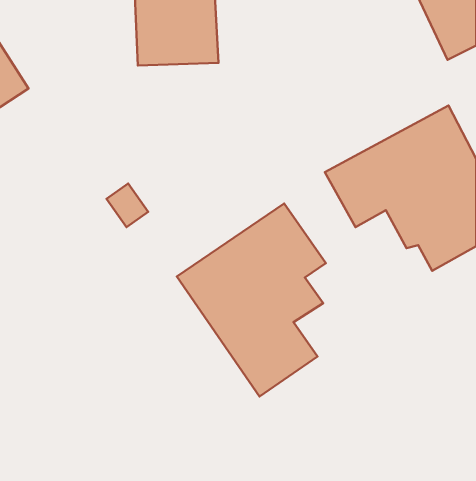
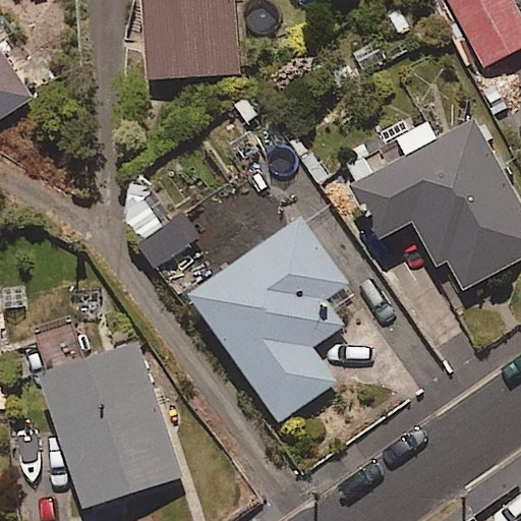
building: none -> [38,343,179,507]

